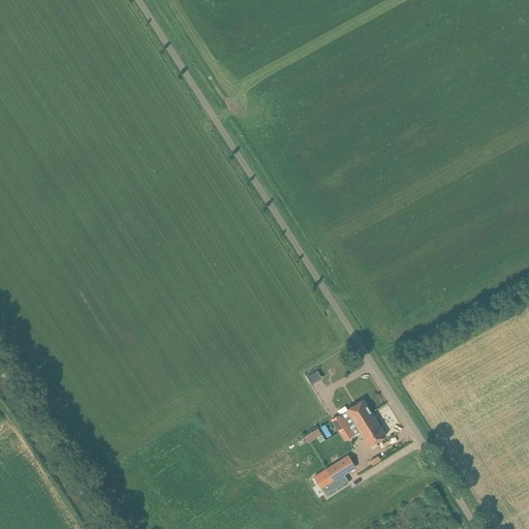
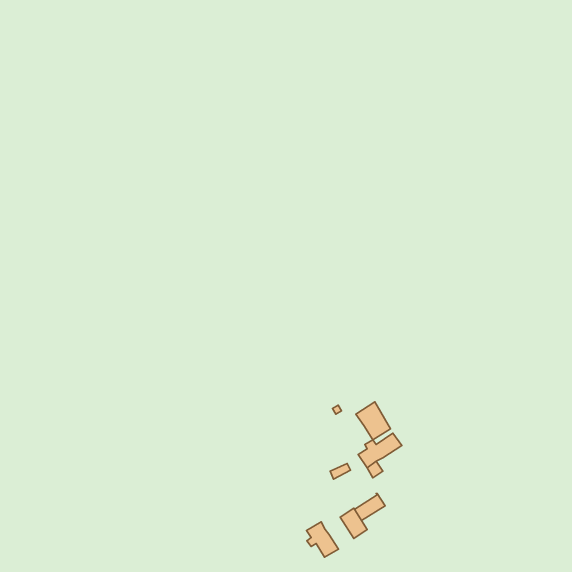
building: [353,411,385,446] -> [356,402,391,440]
building: none -> [307,522,338,557]

